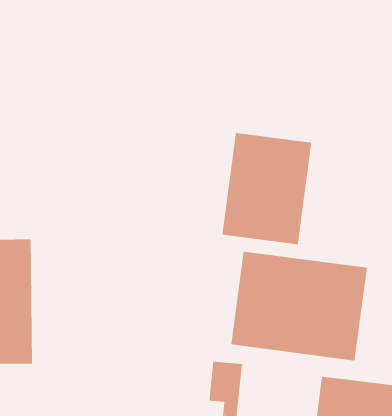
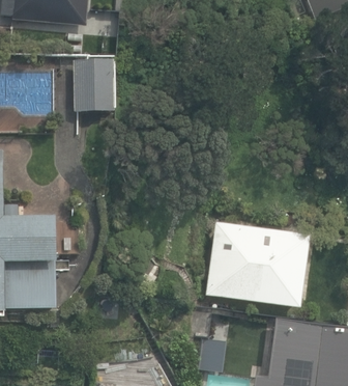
building: none -> [74,59,115,111]
building: [222,132,312,245] -> none

